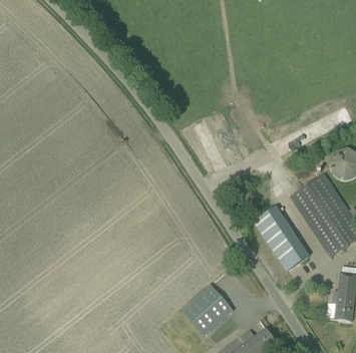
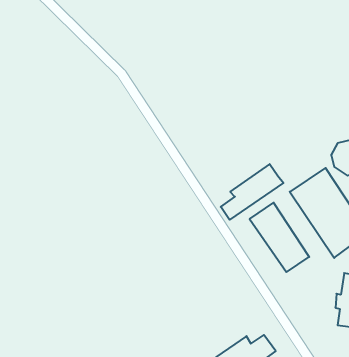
building: none -> [221,164,283,220]
building: [183,283,234,335] -> none

